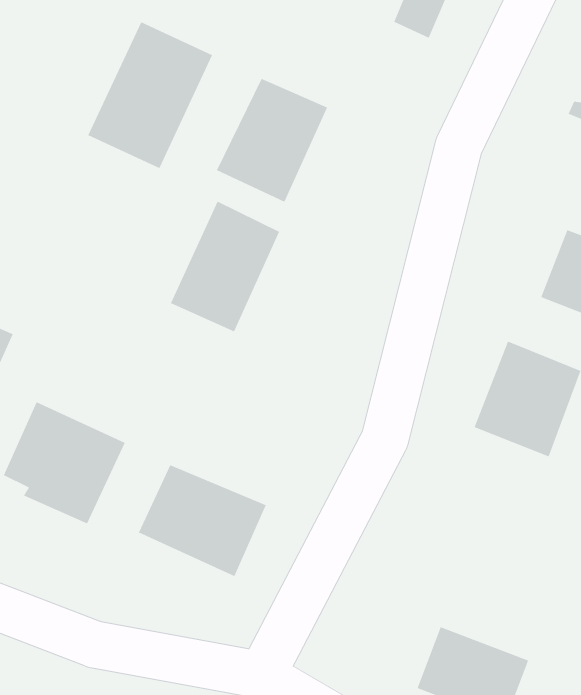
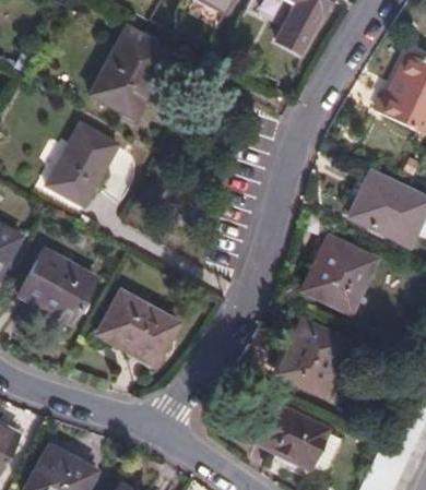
building: [216,78,328,203] -> none
building: [170,201,280,332] -> [48,124,118,204]
building: none -> [279,321,345,392]

